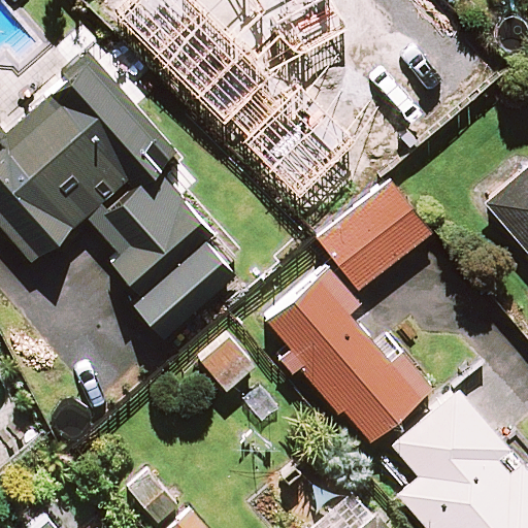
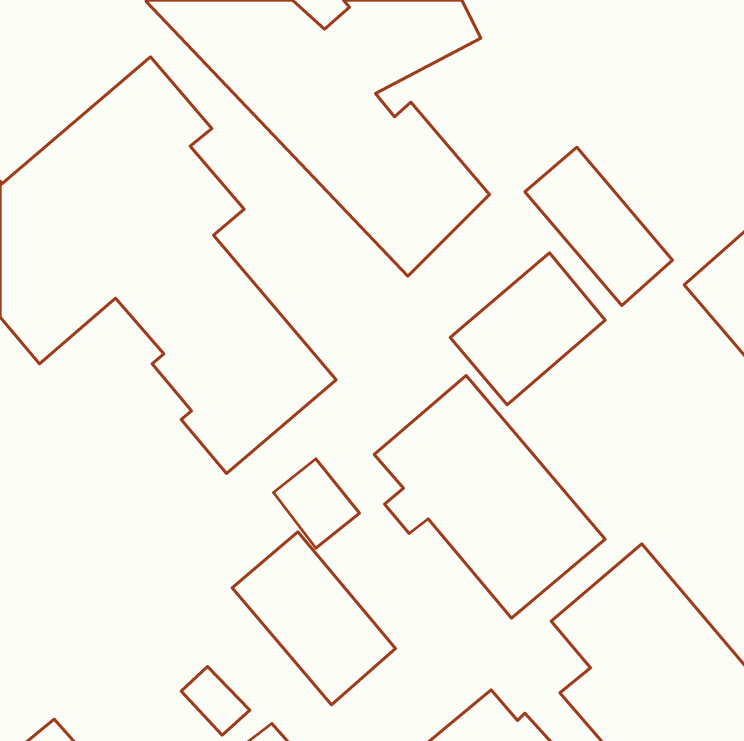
building: none -> [525,147,672,305]
building: none -> [232,532,396,705]

